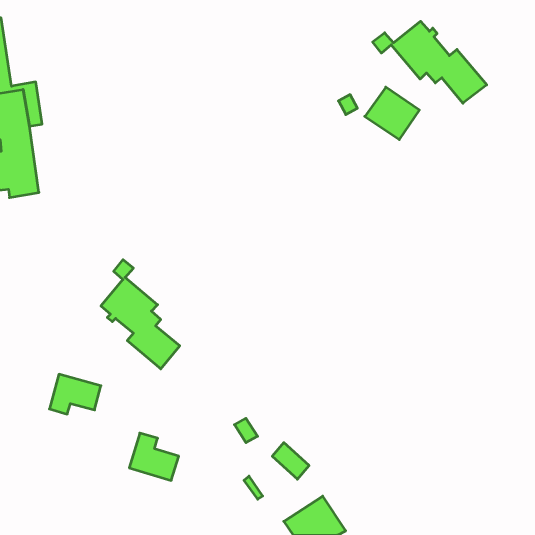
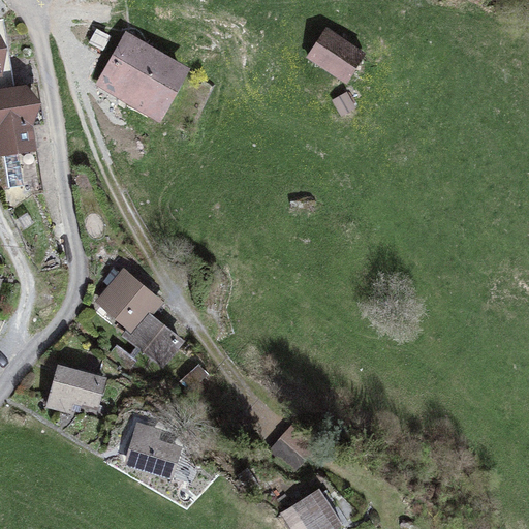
building: [373,21,487,103] -> none
building: none -> [98,38,181,117]
building: [365,87,419,140] -> [306,26,360,77]

